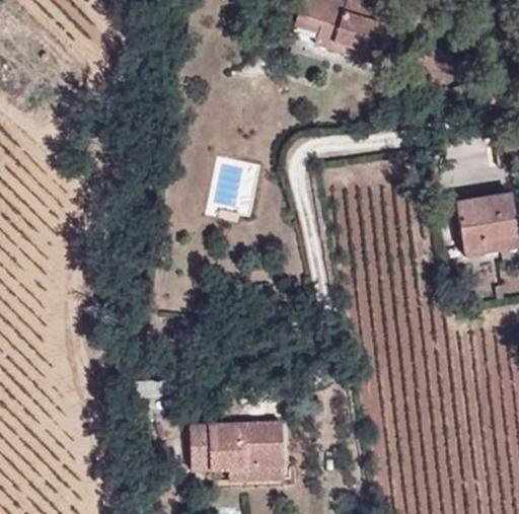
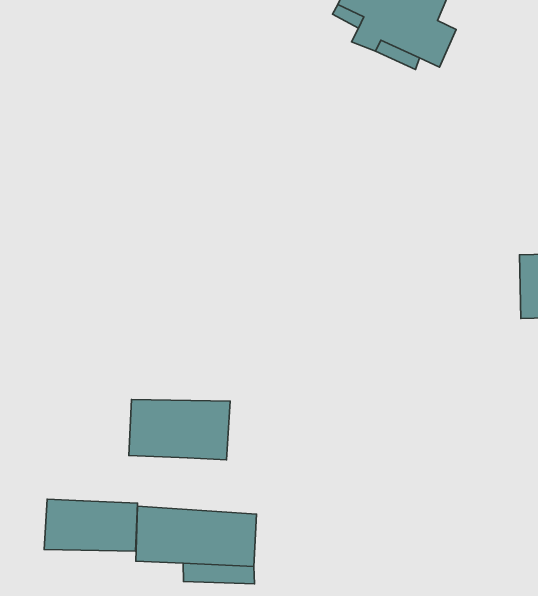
building: none -> [129,400,230,460]
building: none -> [44,499,137,551]

